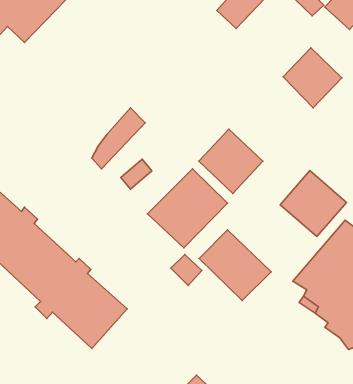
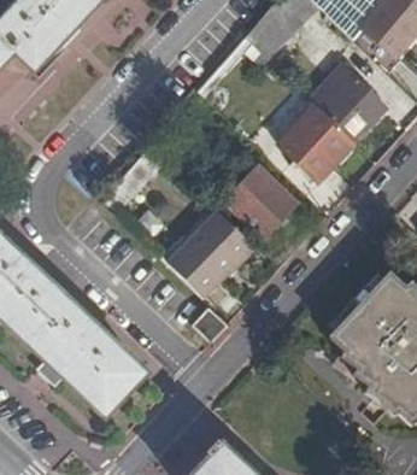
building: none -> [280,104,354,178]
building: [280,171,346,237] -> none
building: [199,230,271,300] -> none

